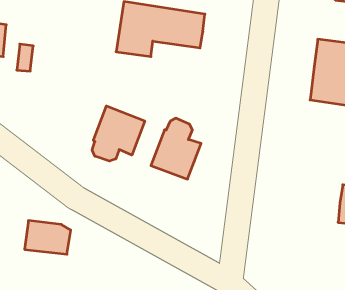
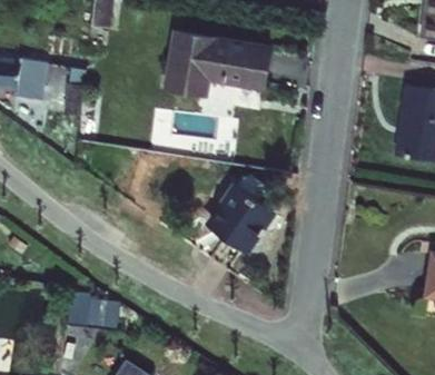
building: [92,106,145,161] -> none

